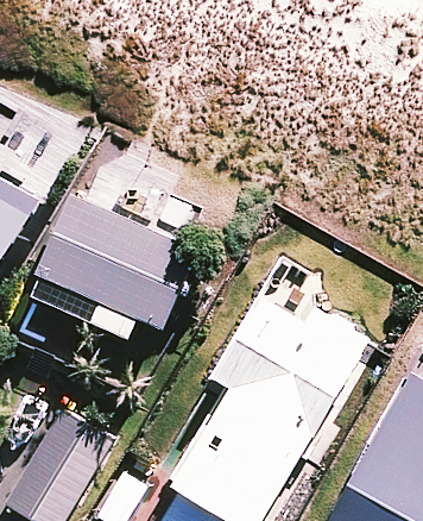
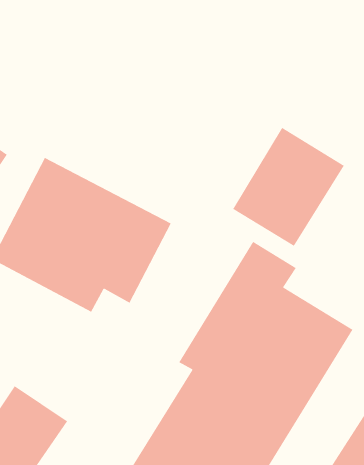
building: none -> [232,127,345,247]

